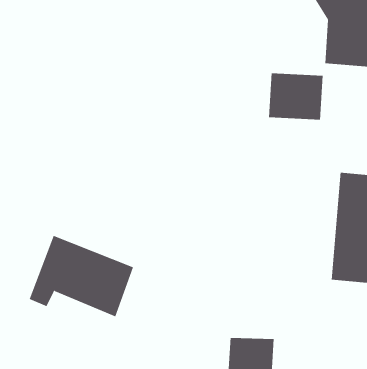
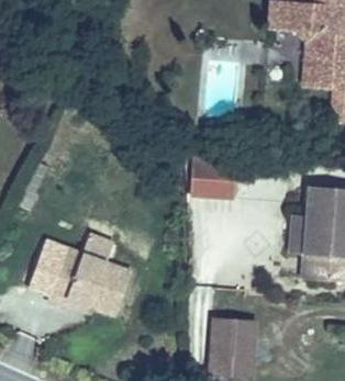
building: [268,73,323,120] -> [189,157,236,198]

